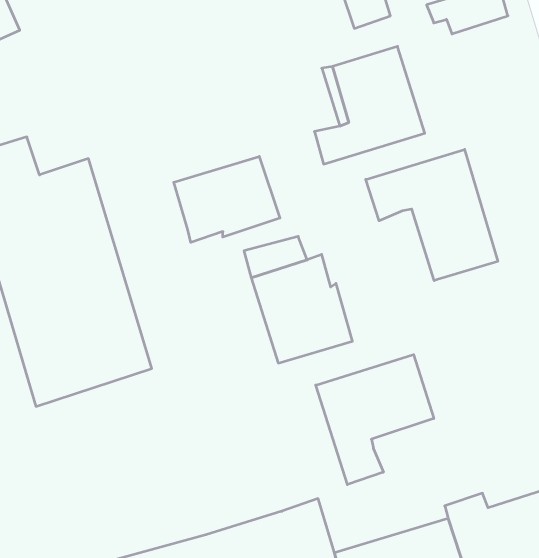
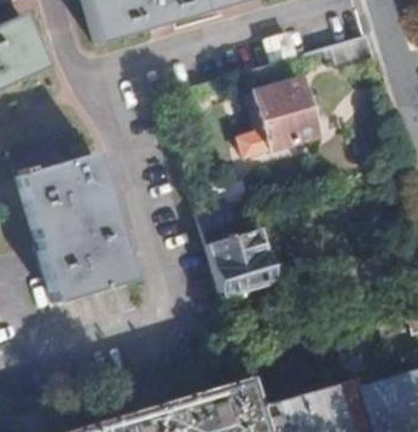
building: [366,149,498,281] -> none
building: [174,156,280,242] -> none
building: [316,355,434,485] -> none

